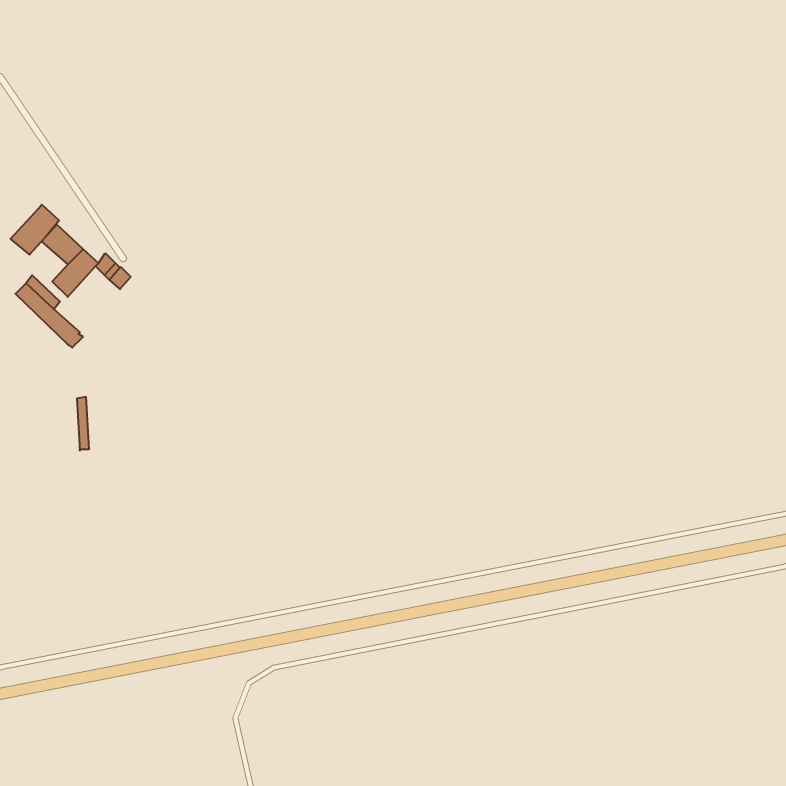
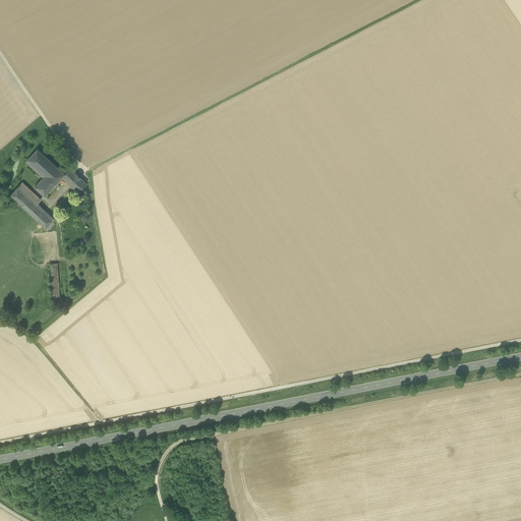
building: [11,205,59,255] -> none

